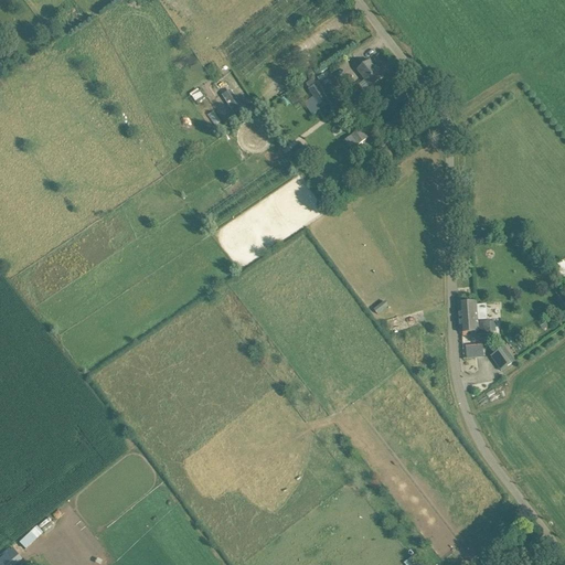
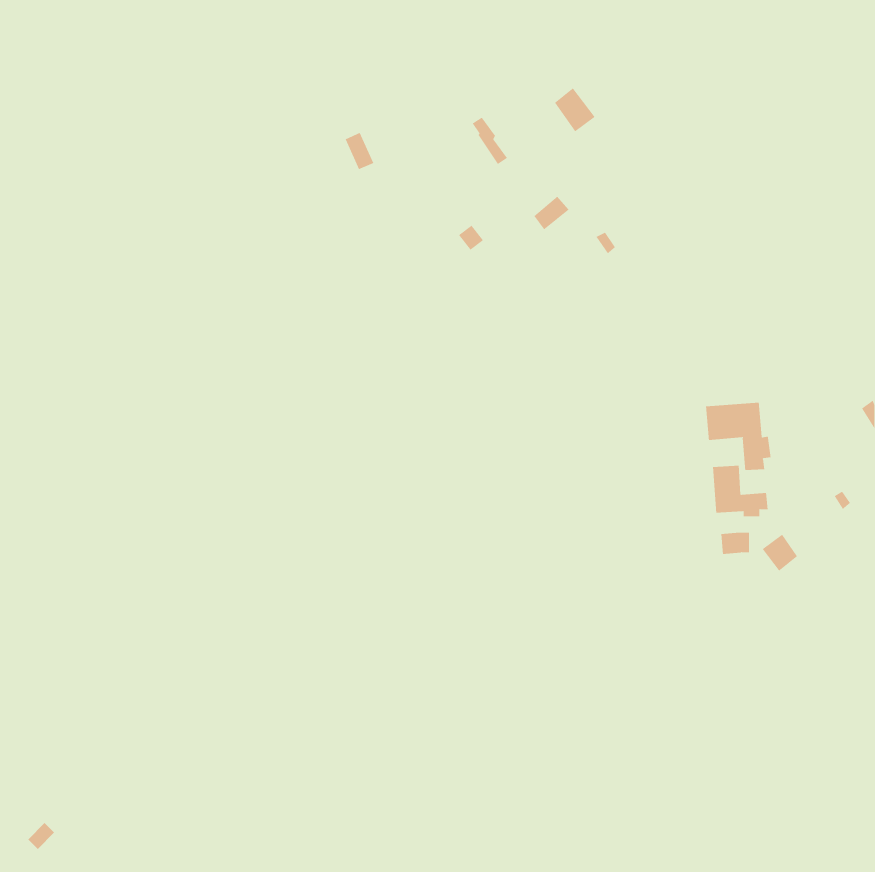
building: none -> [706,402,771,471]

